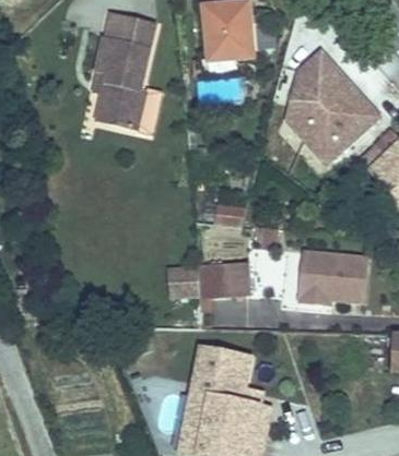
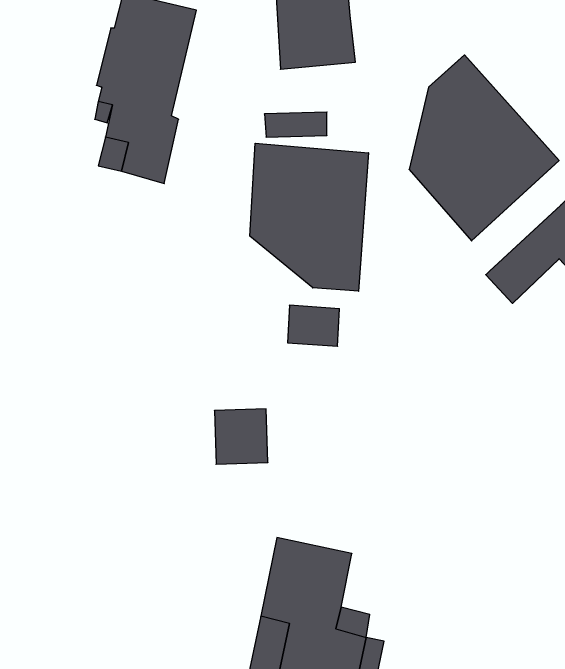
building: none -> [250,143,368,291]
building: [301,251,367,302] -> none
building: [200,262,248,296] -> none

